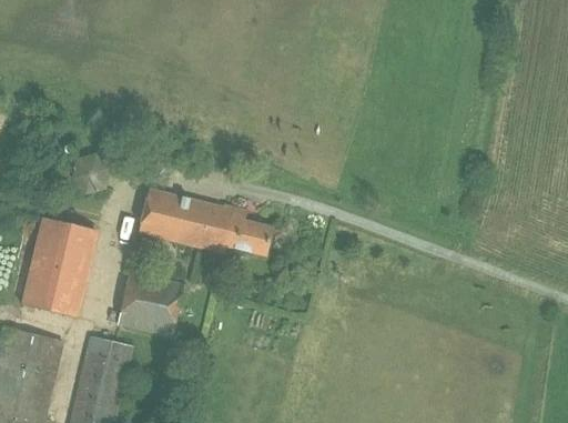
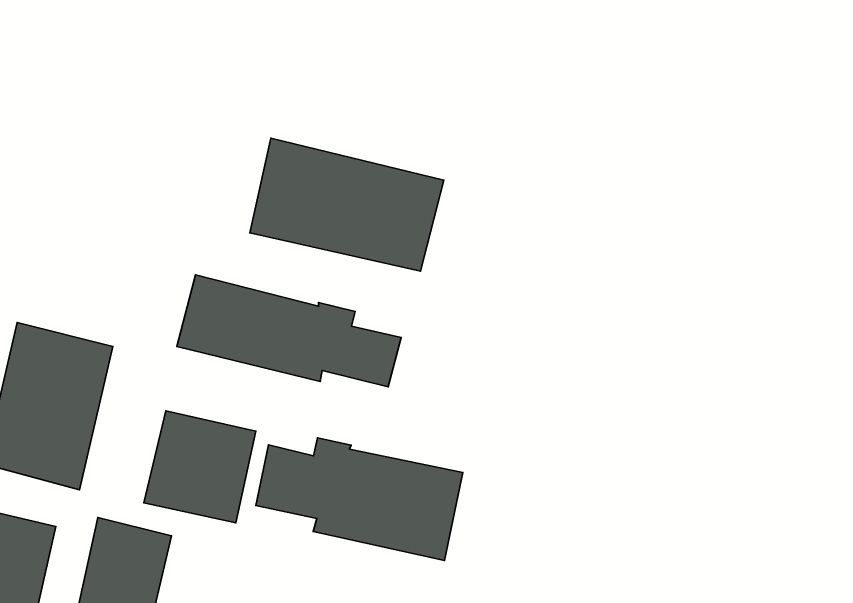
building: none -> [250,138,444,271]
building: none -> [256,438,463,560]

